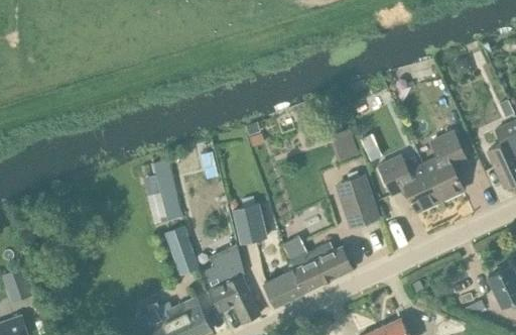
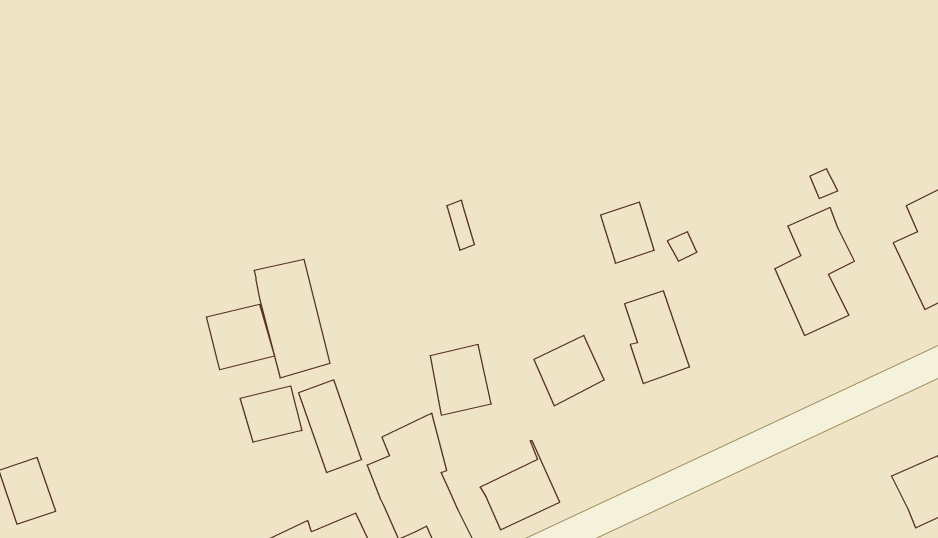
building: [378,155,439,212] -> none
building: none -> [207,304,274,370]
building: none -> [240,386,302,442]
building: [284,237,352,292] -> none

